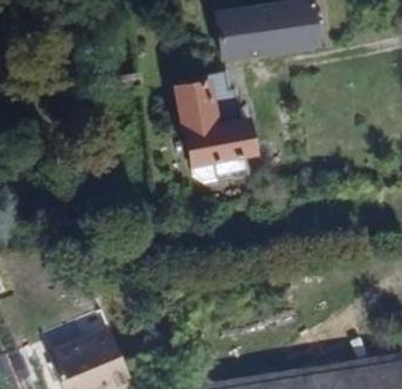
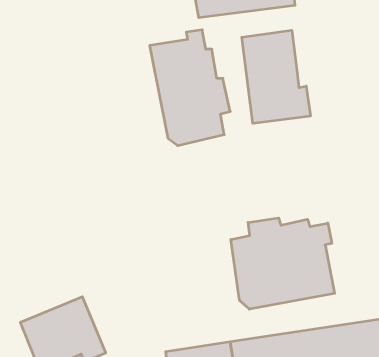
building: none -> [242,30,310,123]
building: none -> [231,218,335,309]

